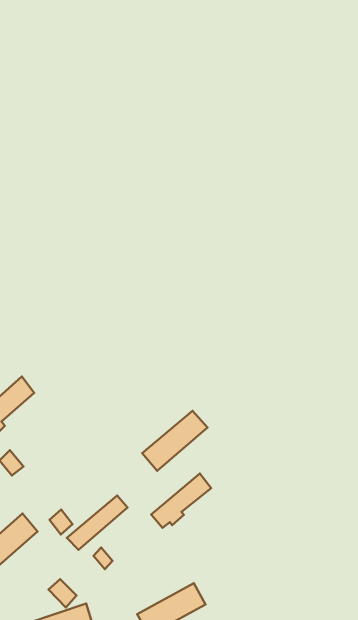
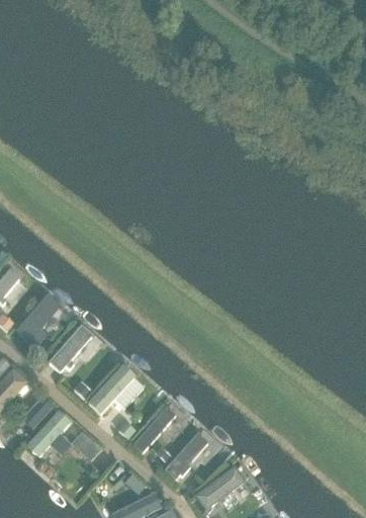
building: [142,411,207,471] -> [88,363,135,413]
building: [151,473,211,528] -> [165,431,208,477]

